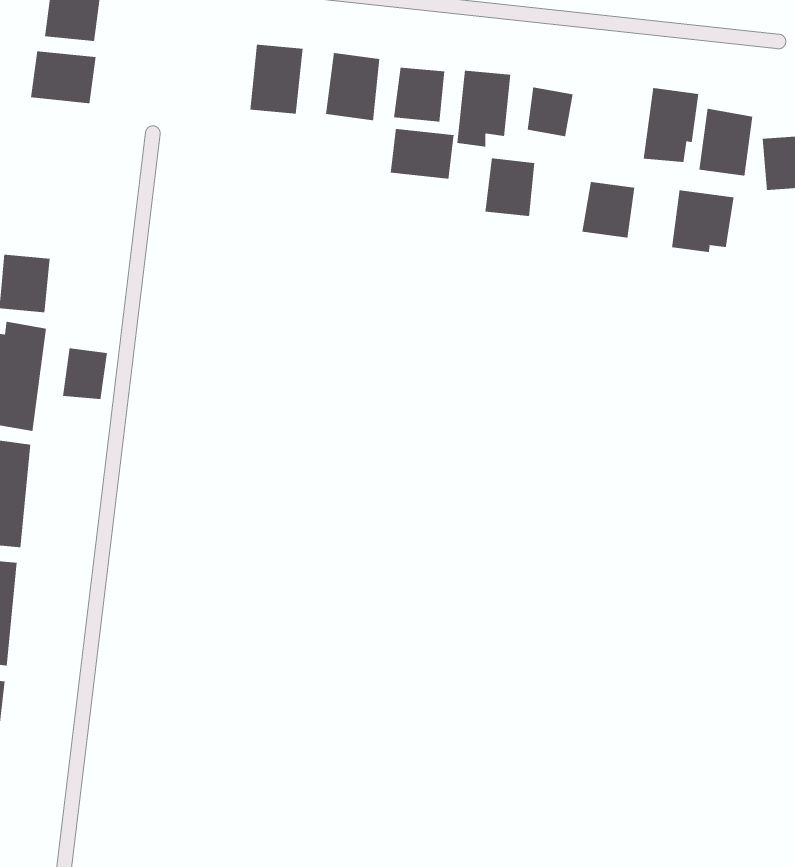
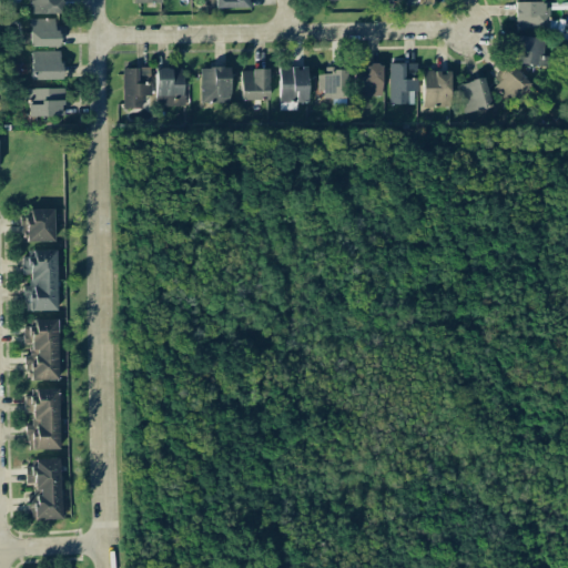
building: none -> [124,68,153,109]
building: [390,128,454,179] -> none
building: [485,158,535,217] -> none
building: [581,181,635,238] -> [356,65,384,95]
building: [671,190,734,253] -> none
building: [62,347,107,400] -> none

